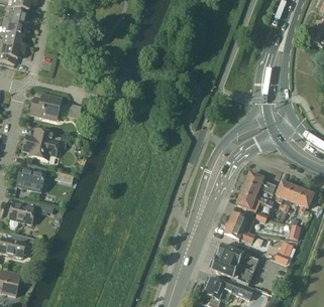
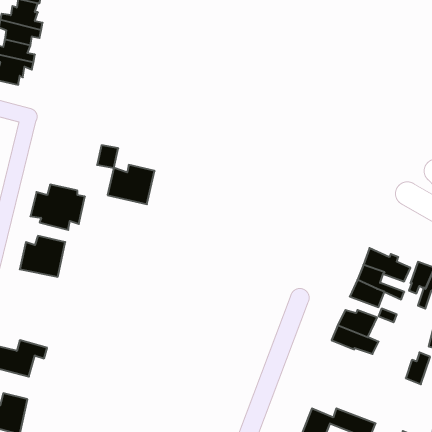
building: [30,94,62,120] -> [108,165,155,204]
building: [9,199,40,226] -> none
building: [211,244,258,284] -> none

